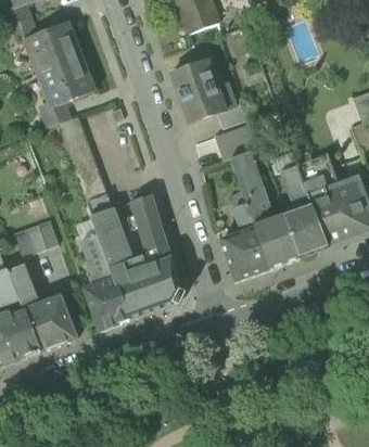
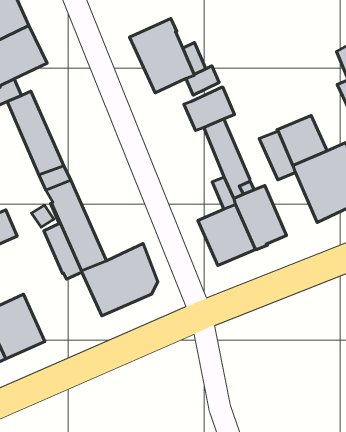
building: [130,193,169,264] -> none
building: [281,202,326,257] -> none
building: [84,278,128,329] -> none

